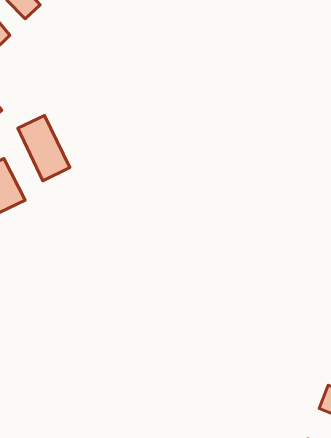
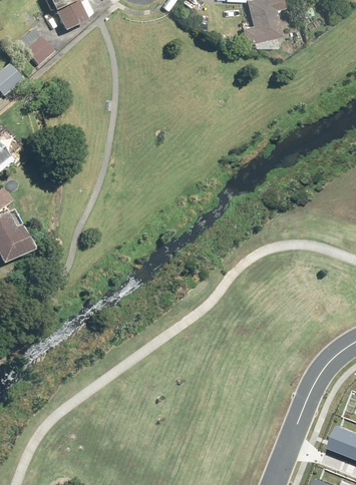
building: [18,116,70,181] -> none

